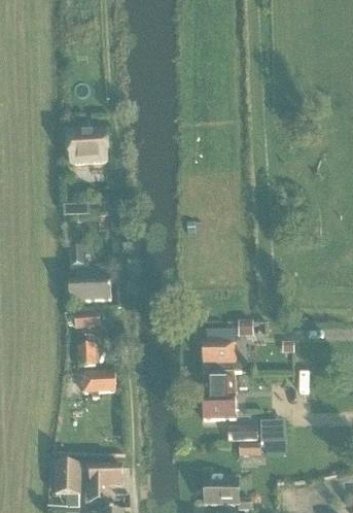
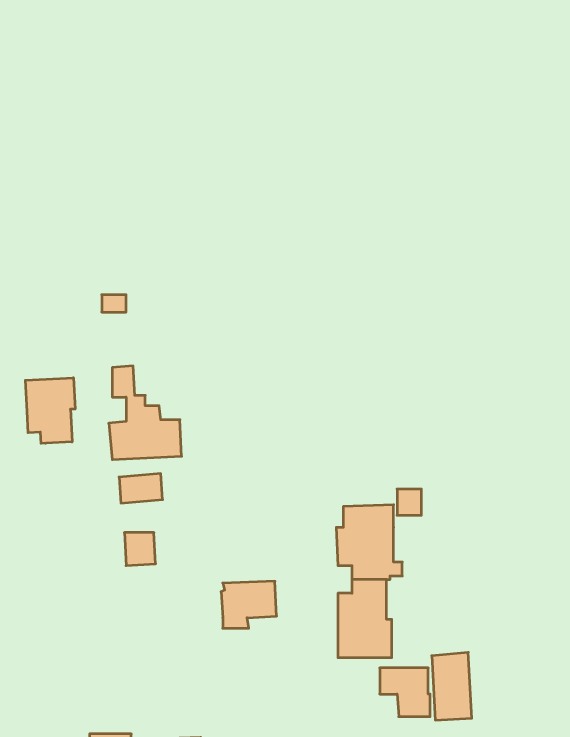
building: [68,128,106,162] -> none
building: none -> [25,378,75,443]
building: [82,369,115,397] -> [221,581,277,628]

